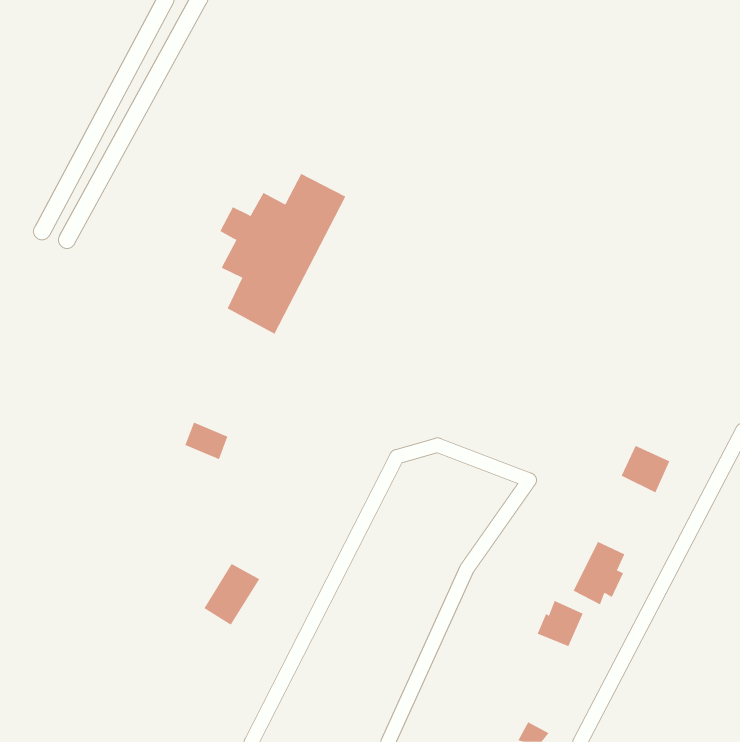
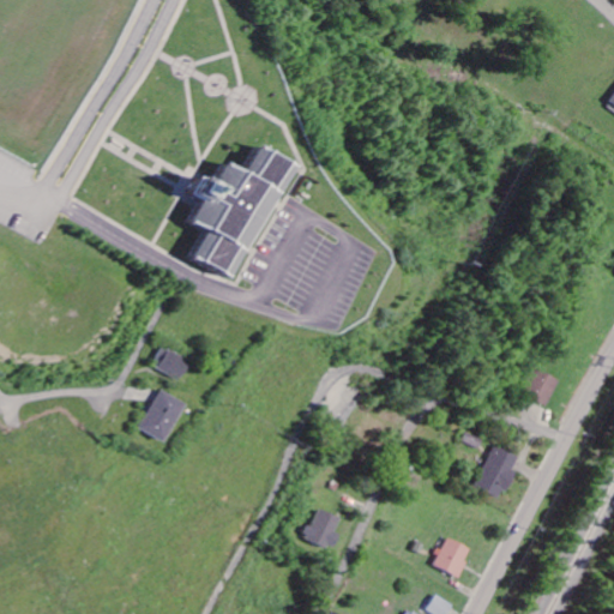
building: [204,563,260,626] -> [138,391,185,443]
building: [537,600,583,647] -> [434,537,472,576]
building: none -> [308,507,342,548]

